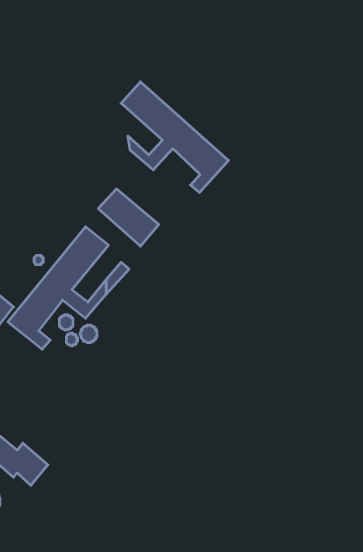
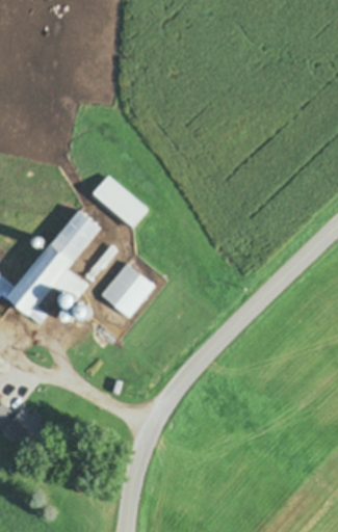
building: [121,82,229,193] -> none
building: none -> [100,262,155,317]

